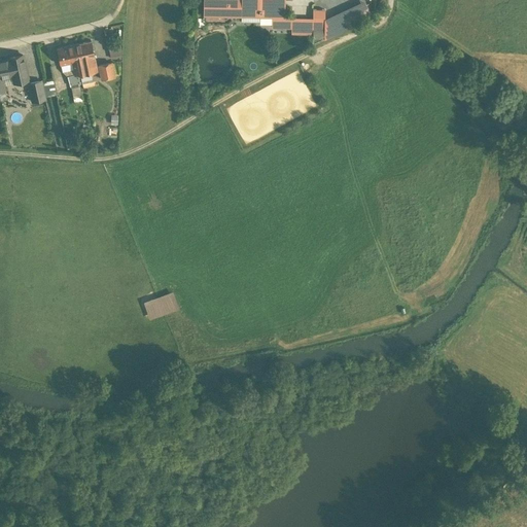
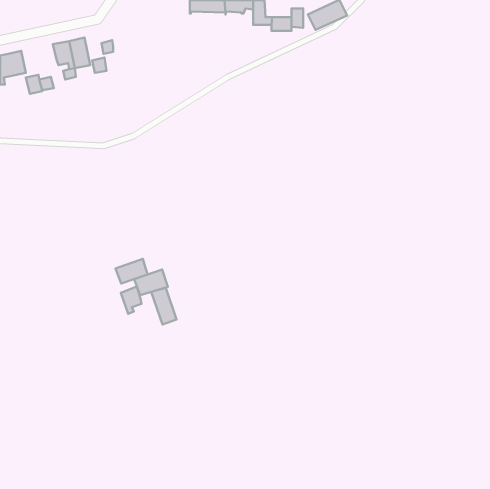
building: none -> [116,259,148,283]
building: none -> [121,287,142,314]
building: none -> [151,288,176,325]

